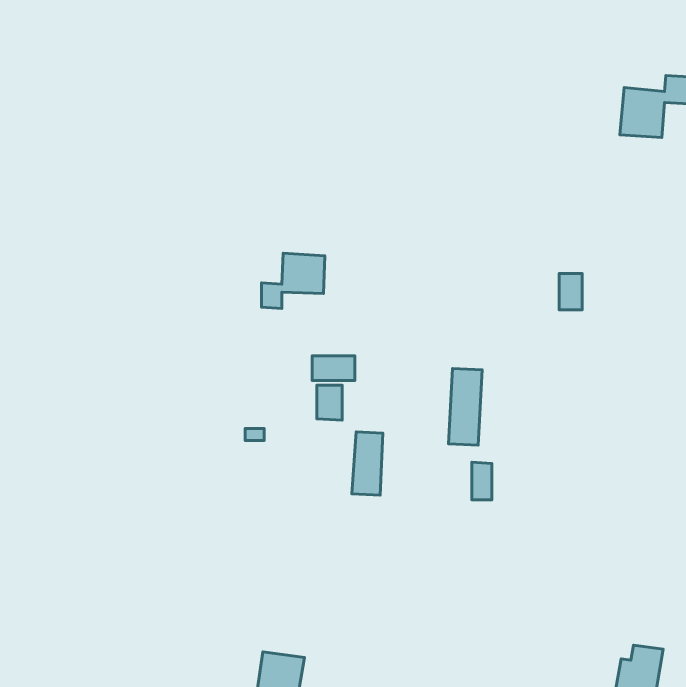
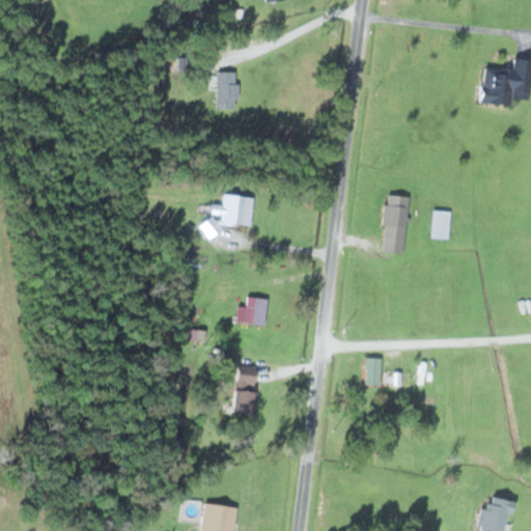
building: none -> [217,73,237,109]
building: [312,356,355,381] -> none
building: [448,368,482,445] -> [382,195,408,254]
building: [352,432,383,495] -> [231,364,255,413]

